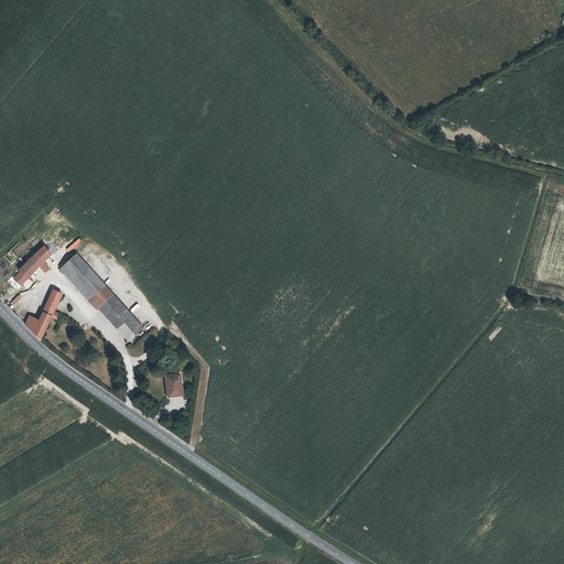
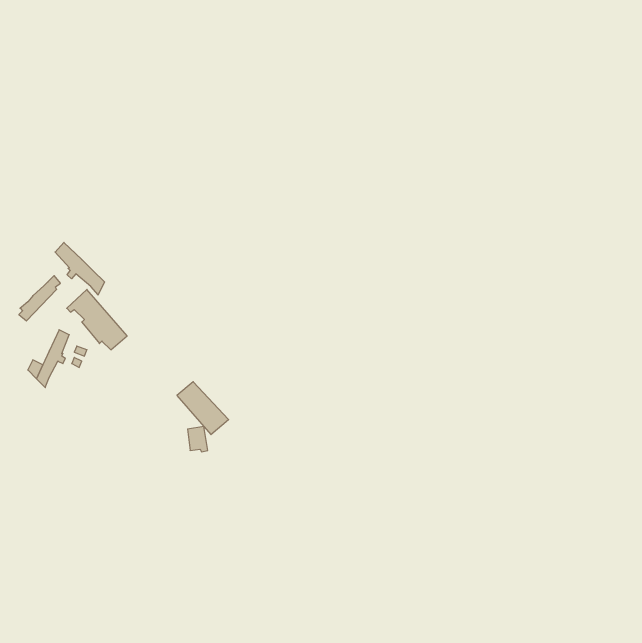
building: none -> [55,242,104,295]
building: [97,294,142,340] -> [177,382,229,435]

